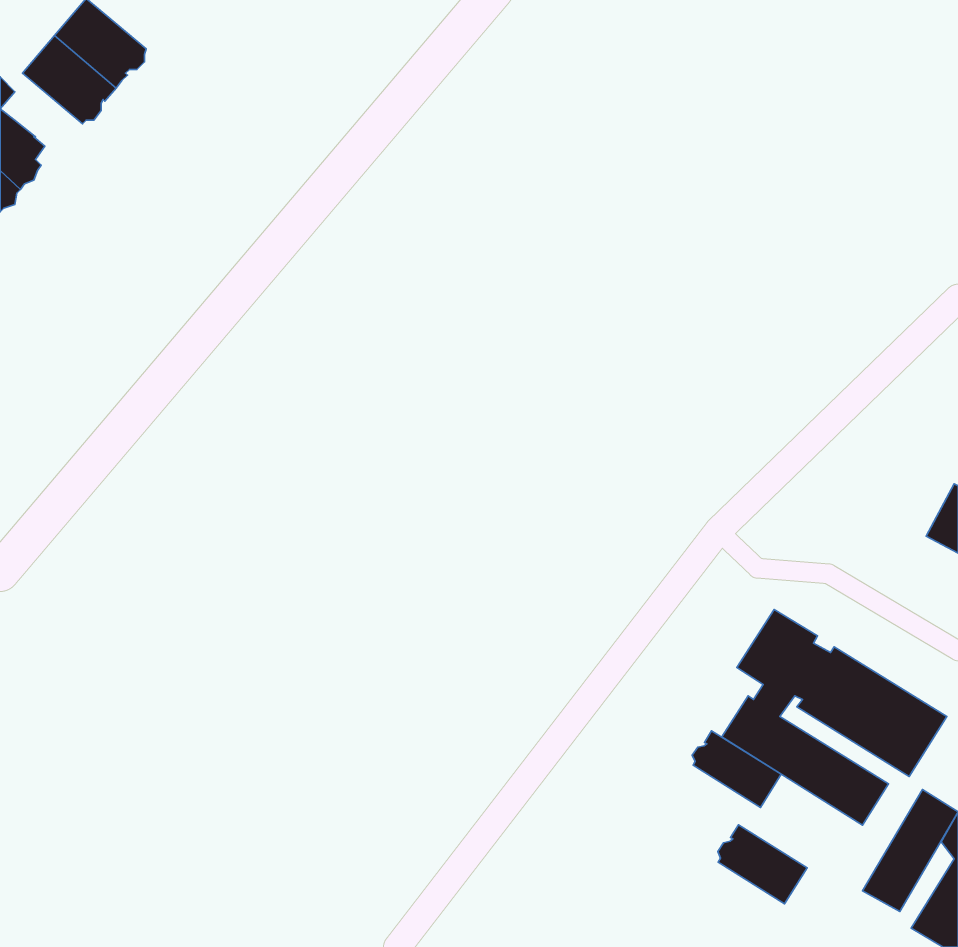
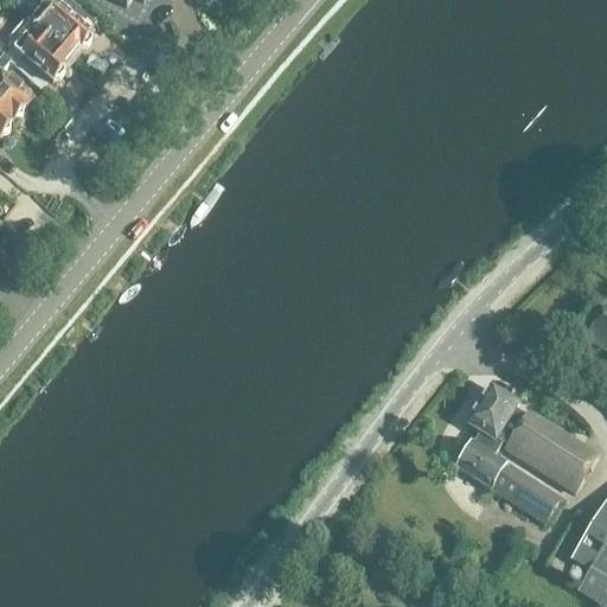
building: [692,731,781,807] -> none
building: [718,825,807,904] -> none

